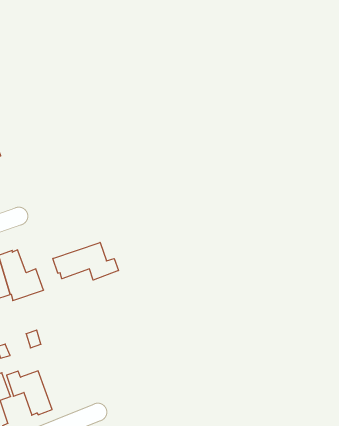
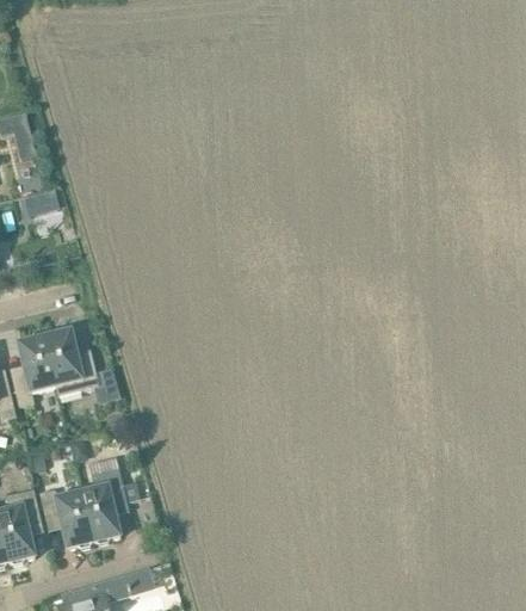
building: [53,242,118,280] -> none
building: none -> [81,455,140,543]

